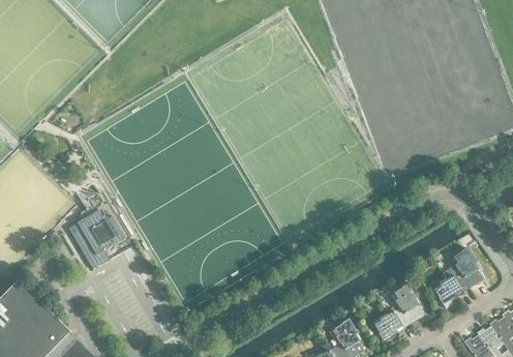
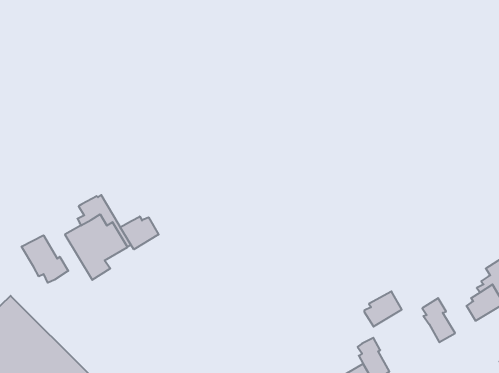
building: none -> [120,216,159,249]
building: none -> [22,235,68,283]
building: [374,306,409,338] -> [364,291,402,327]

